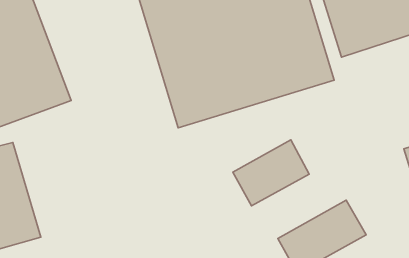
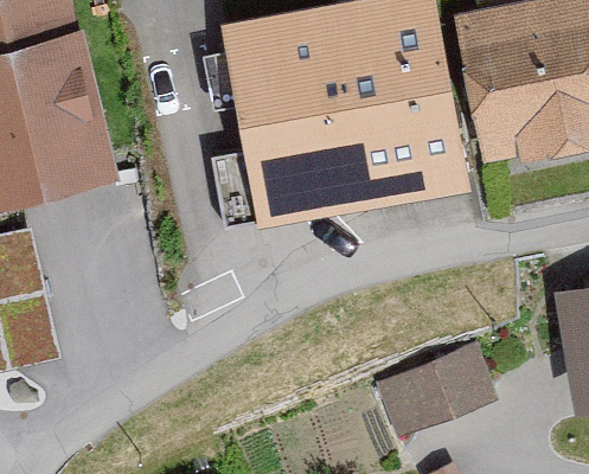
building: [233,140,309,206] -> none

